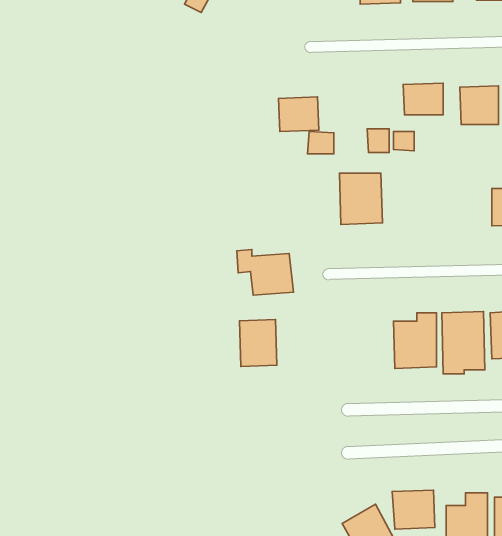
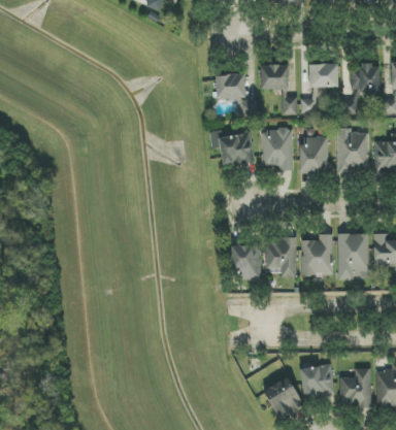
building: none -> [261,65,289,90]
building: none -> [337,130,369,172]
building: none -> [300,136,329,171]
building: [237,249,293,295] -> [210,131,253,165]
building: none -> [265,238,297,277]
building: [240,320,277,367] -> [233,245,261,280]

